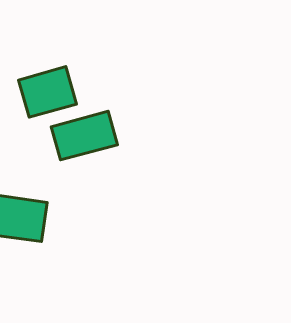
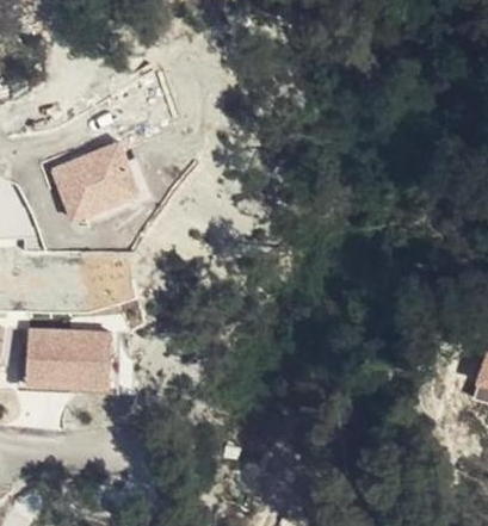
building: [51,111,117,160] -> none

